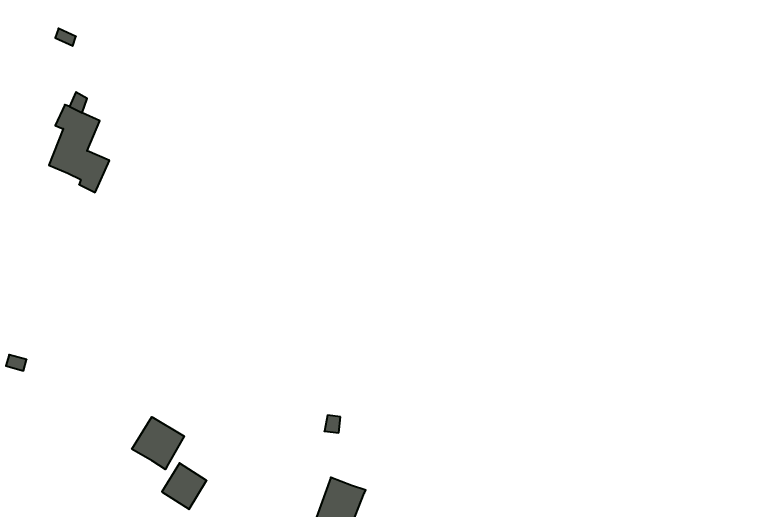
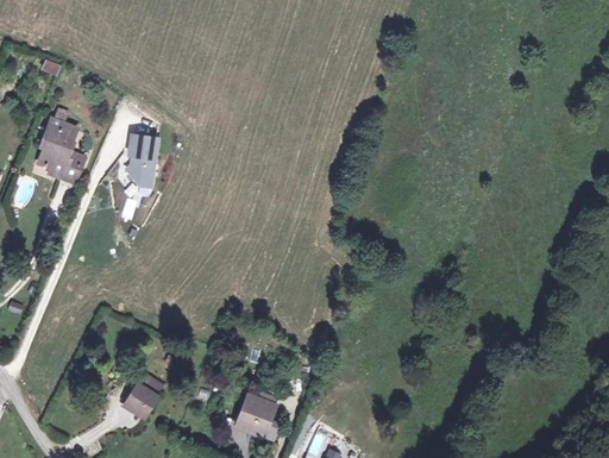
building: none -> [125,134,157,187]
building: [132,417,184,469] -> none

